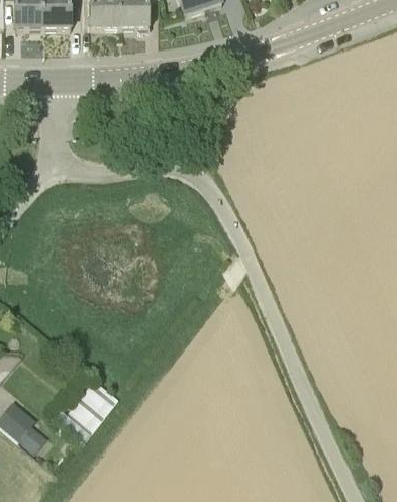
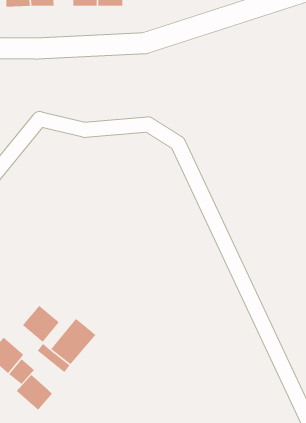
building: none -> [22,305,60,343]
building: none -> [16,374,53,411]

